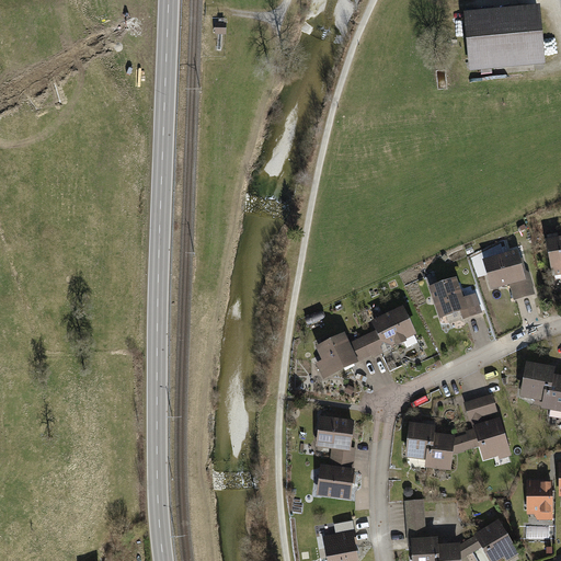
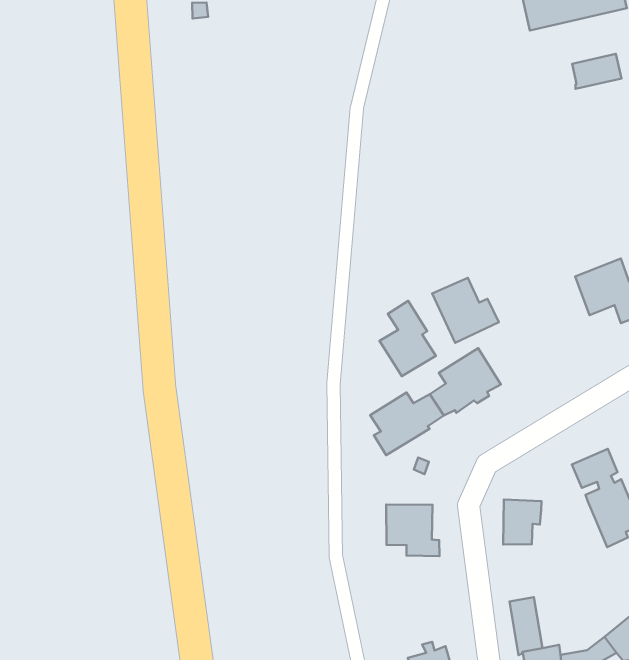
building: none -> [572,54,621,89]
building: none -> [379,301,436,376]
building: [428,278,477,327] -> [432,278,499,343]
building: [425,432,477,472] -> none
building: [317,457,355,500] -> none

